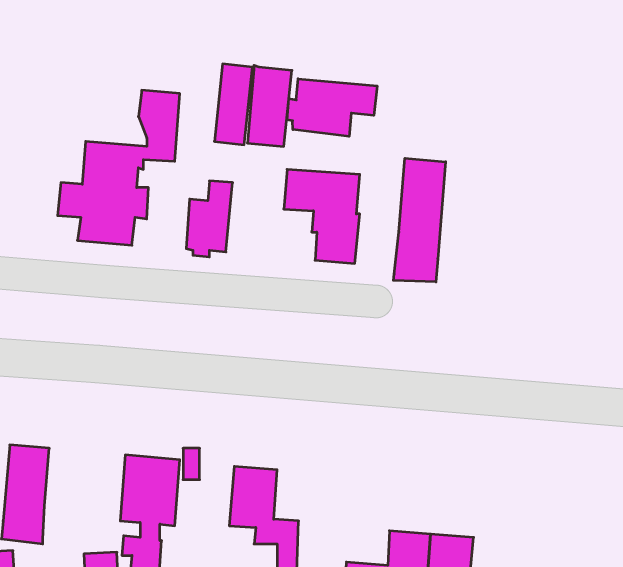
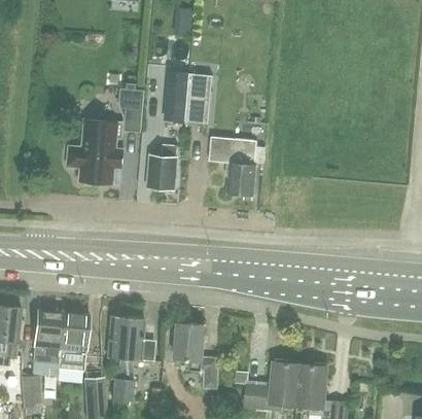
building: [287,79,377,136] -> none
building: [393,158,446,282] -> none
building: none -> [58,311,87,370]

